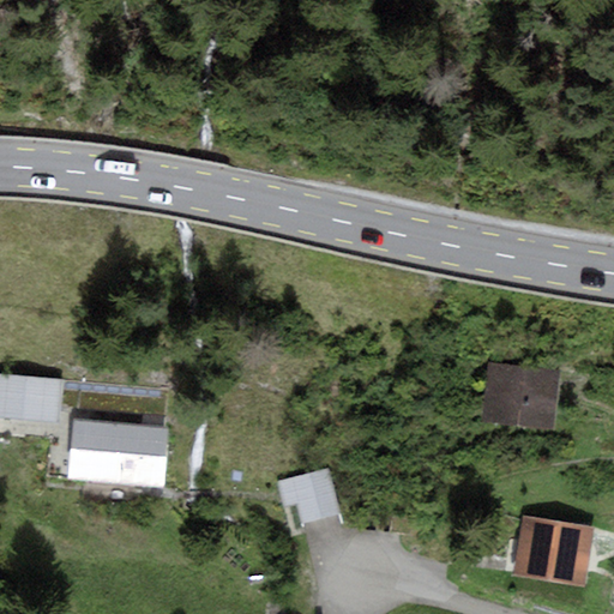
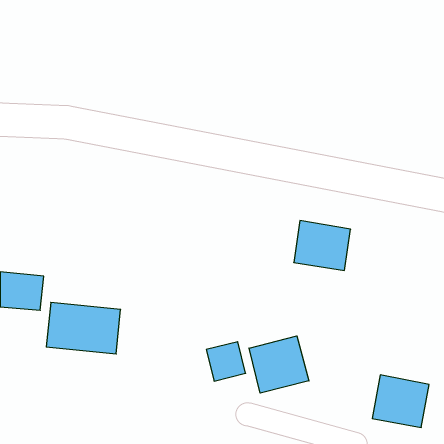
building: [481,360,559,428] -> [294,221,351,270]
building: none -> [249,336,309,393]

